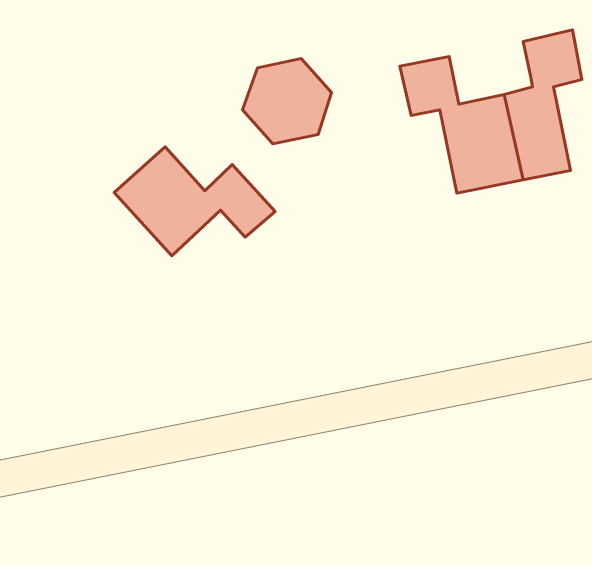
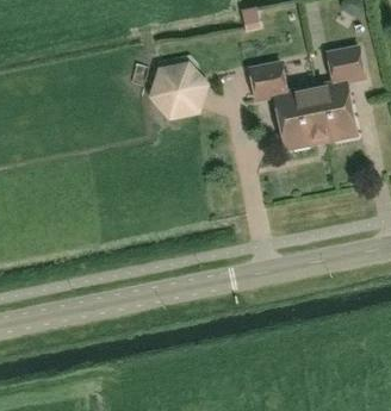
building: [114,147,275,256] -> none

